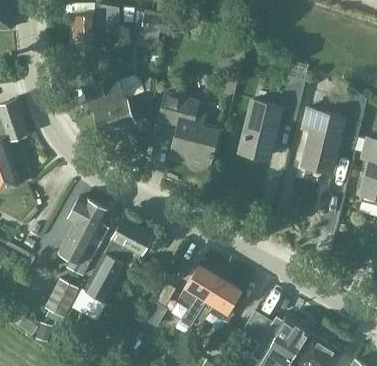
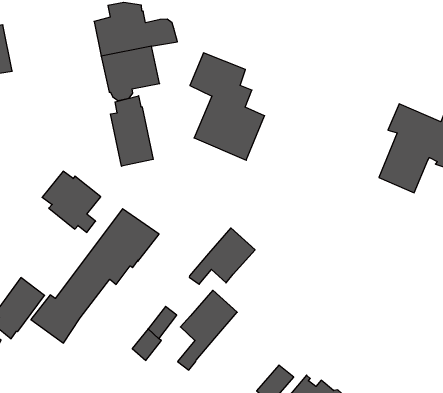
building: [241,76,305,159] -> none
building: none -> [111,96,153,166]
building: [56,225,94,276] -> none
building: [194,278,238,322] -> [189,228,255,284]

